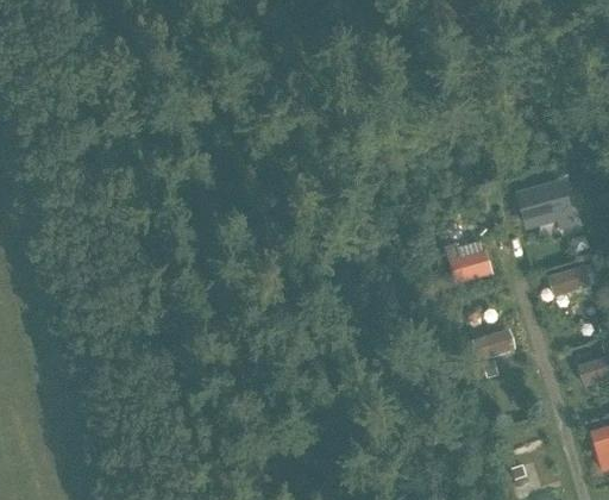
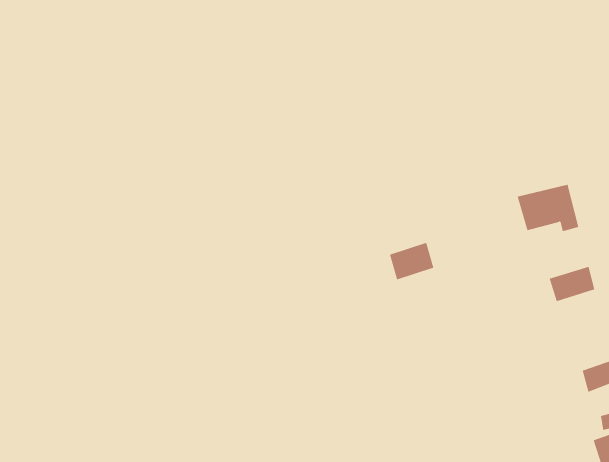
building: [450,246,494,283] -> [389,242,434,280]
building: [473,327,516,358] -> none

